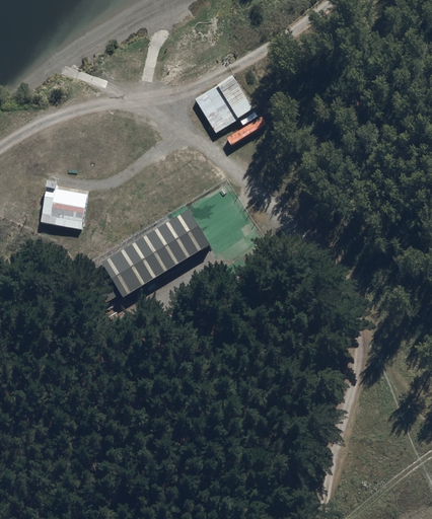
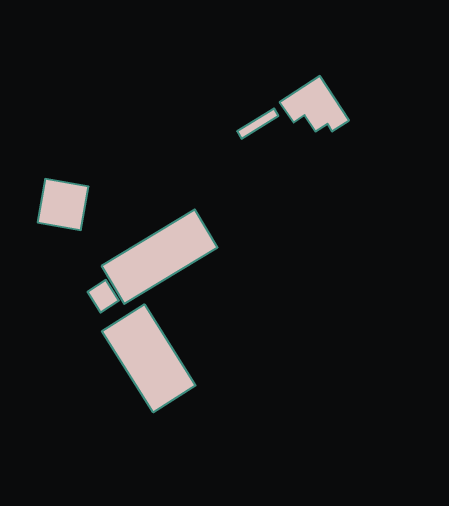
building: [193,73,258,125] -> [280,76,349,131]
building: none -> [102,304,196,412]

